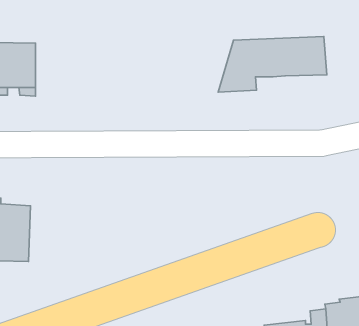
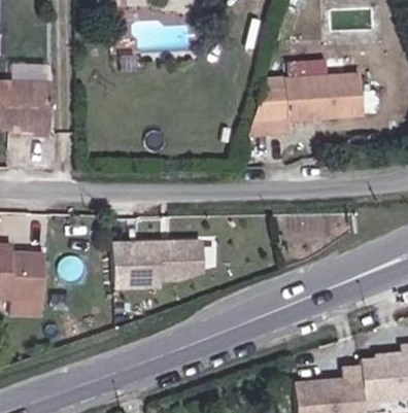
building: none -> [111,239,201,287]

